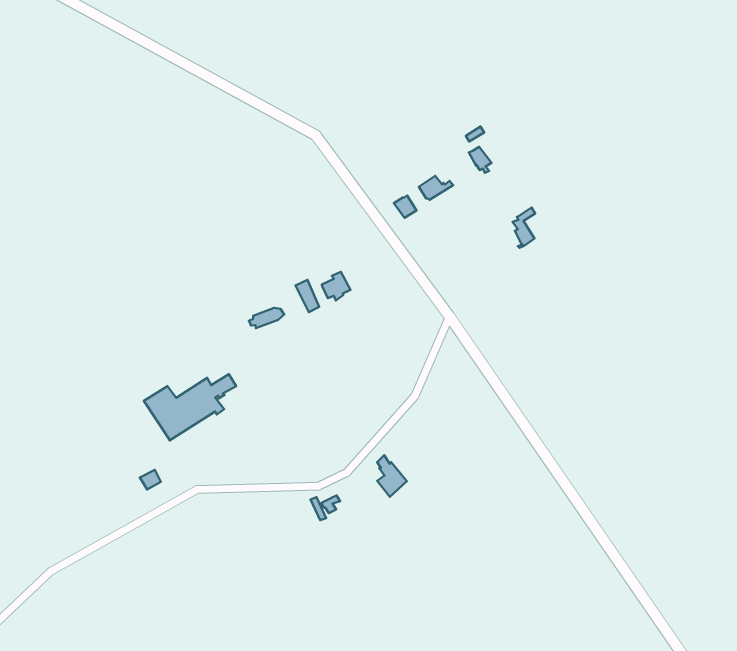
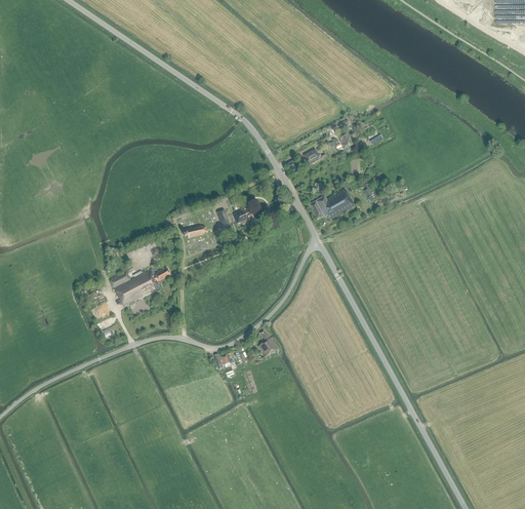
building: none -> [309,189,355,220]

